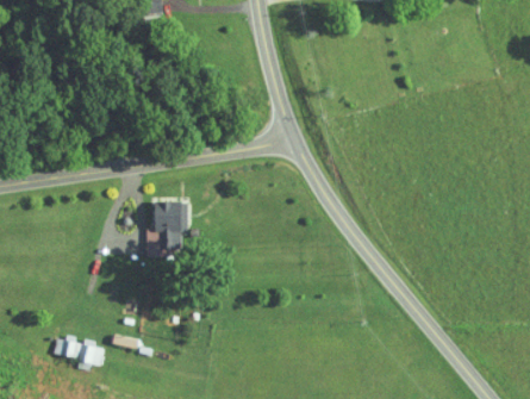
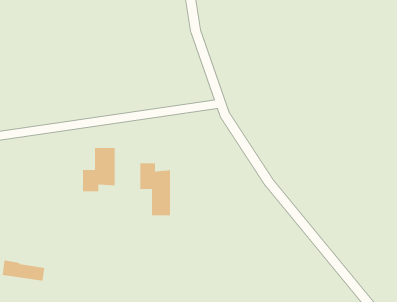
building: none -> [140,162,171,216]

